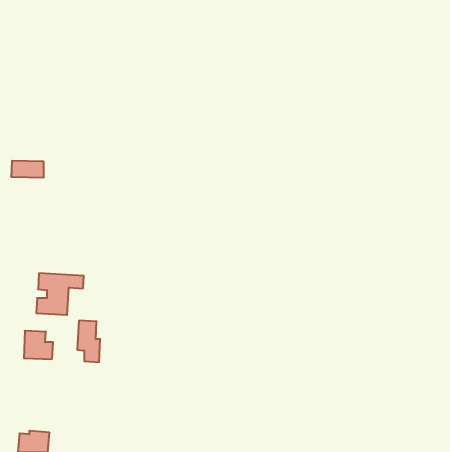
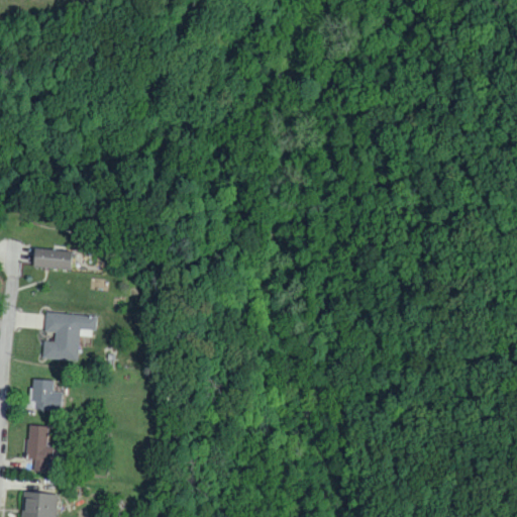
building: [11,161,44,178] -> [34,248,72,268]
building: [77,321,100,362] -> [27,424,54,472]

